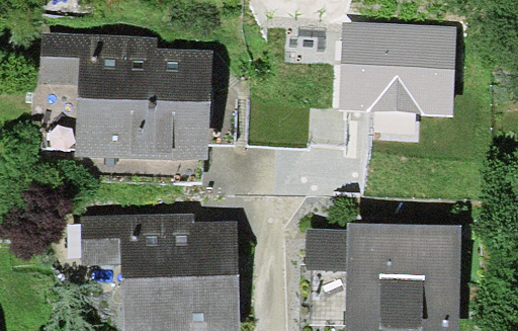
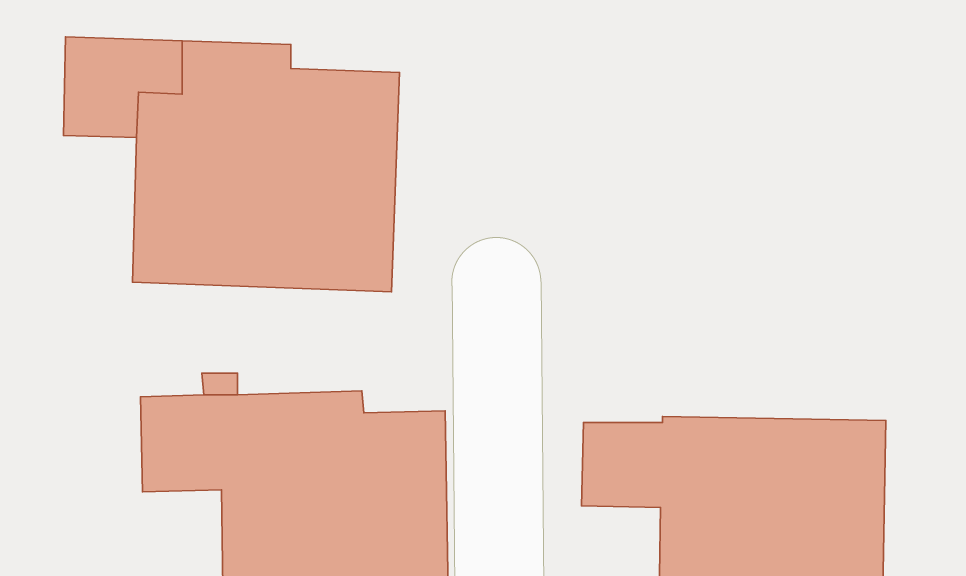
building: [338,19,455,117] -> none

